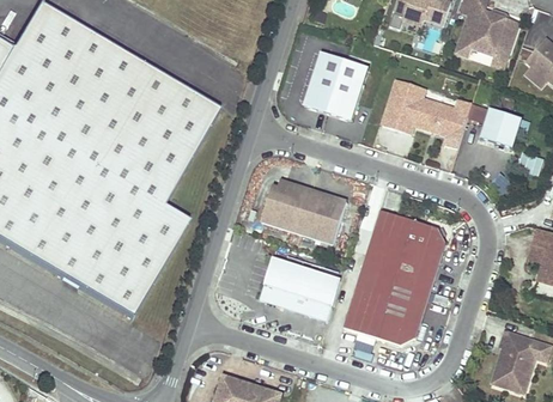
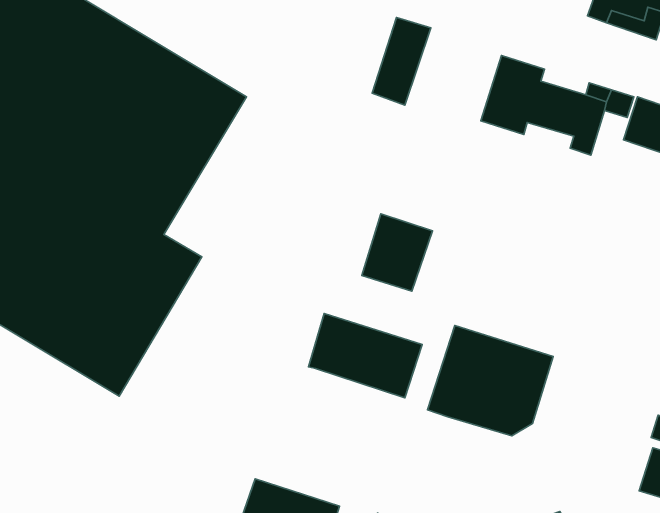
building: [328,60,369,121] -> none
building: [262,178,311,232] -> none
building: [363,208,446,288] -> none

